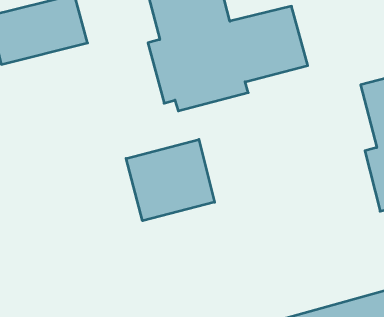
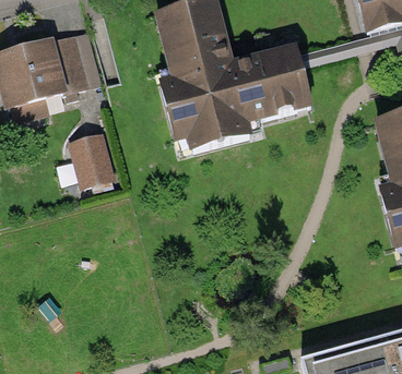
building: none -> [68,129,116,184]
building: [126,139,215,221] -> none

